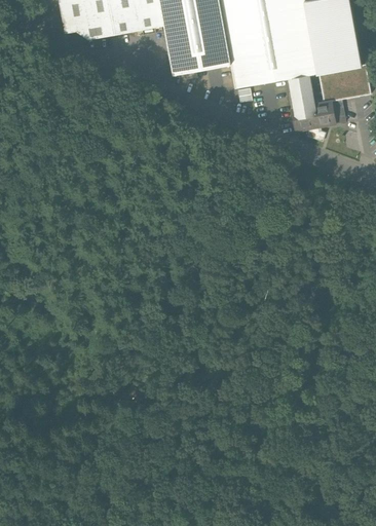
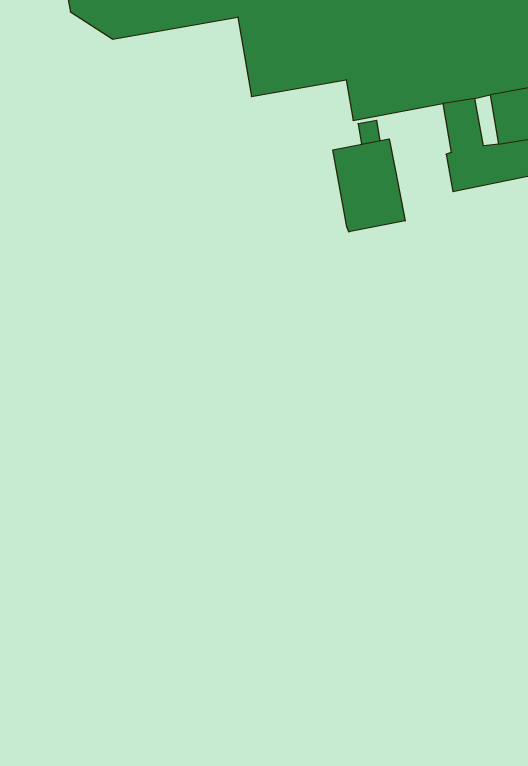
building: none -> [333,139,405,232]

